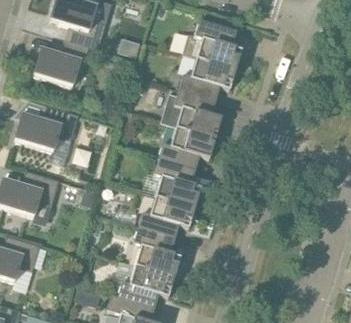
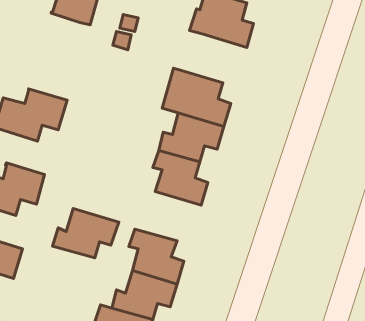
building: [32,39,88,86] -> none
building: [177,57,234,100] -> none
building: [136,195,194,238] -> [53,209,119,258]

